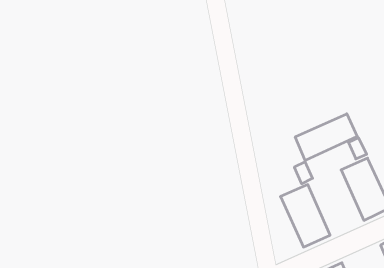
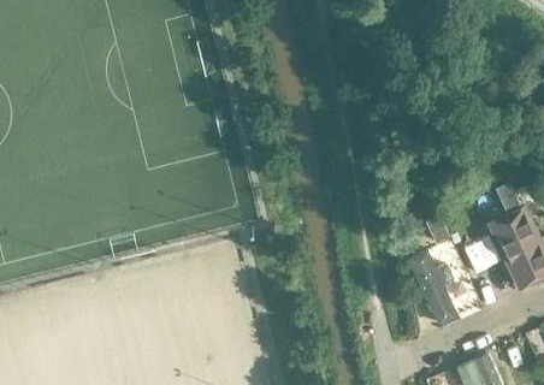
building: [295,114,357,160] -> none

